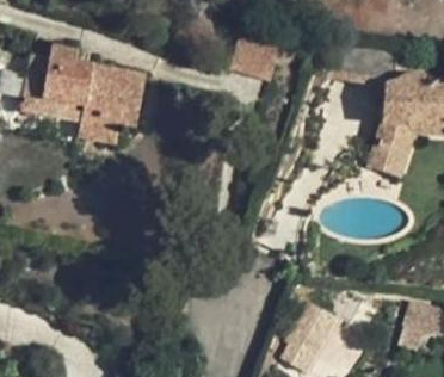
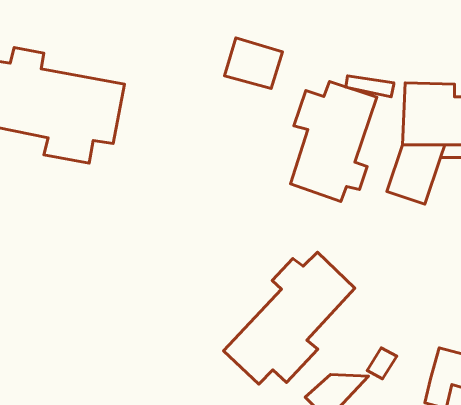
building: none -> [290,82,377,201]
building: none -> [223,252,355,384]

